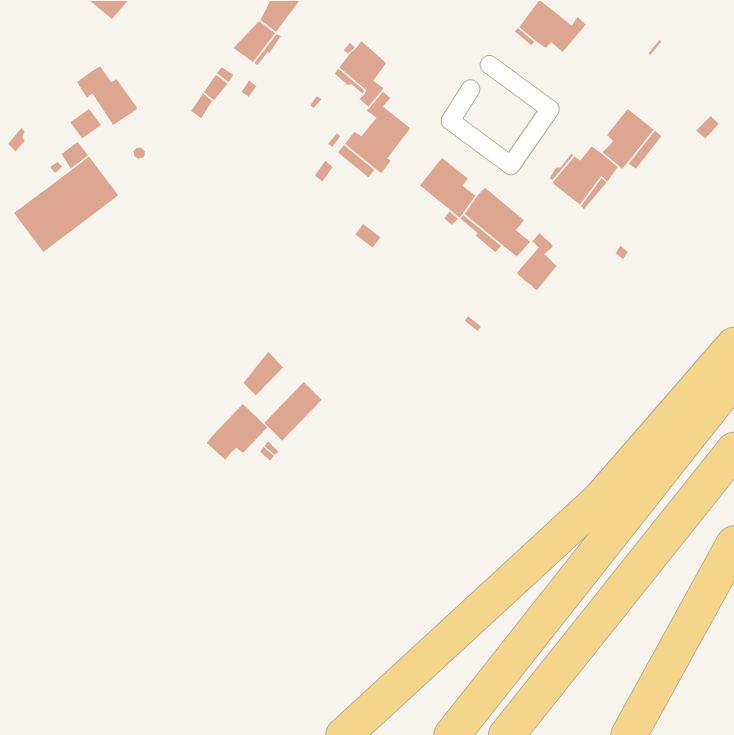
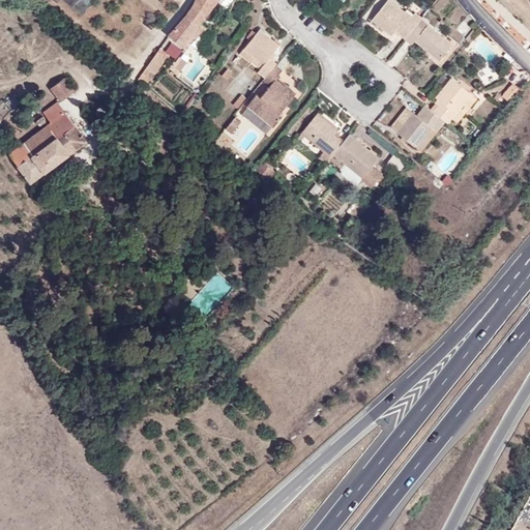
building: none -> [405,19,451,60]
building: [76,65,138,126] -> none
building: [516,232,558,291] -> none
building: [242,352,284,396] -> none
building: [206,403,268,461] -> none

